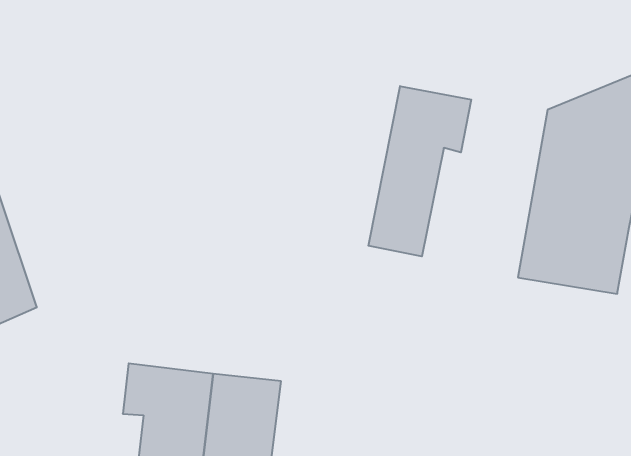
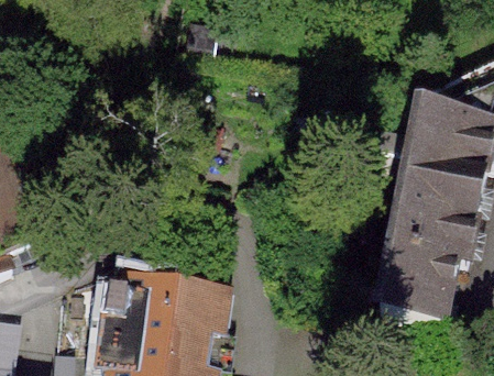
building: [368,86,471,256] -> none
building: none -> [377,213,469,328]

